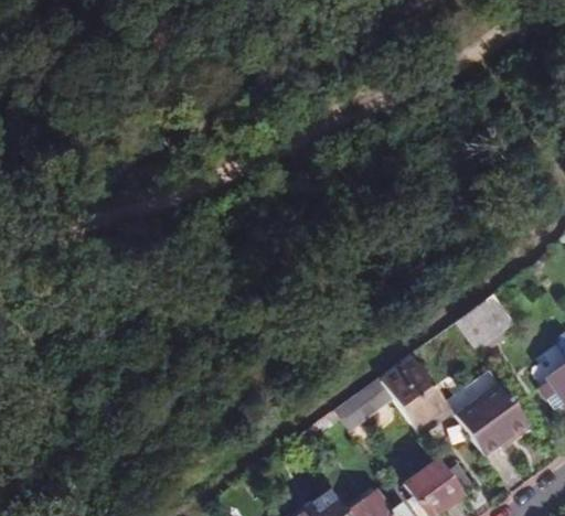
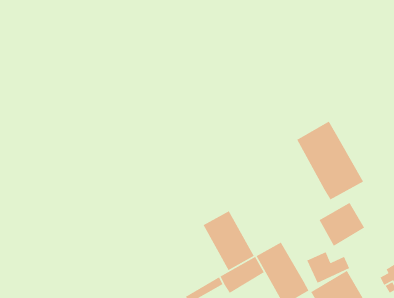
building: none -> [296,120,364,201]
building: none -> [202,210,255,271]

